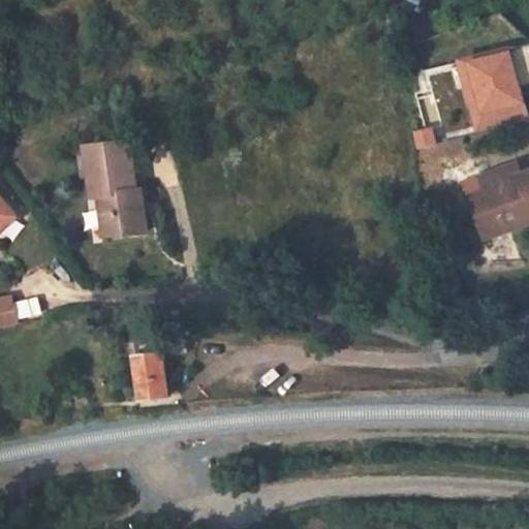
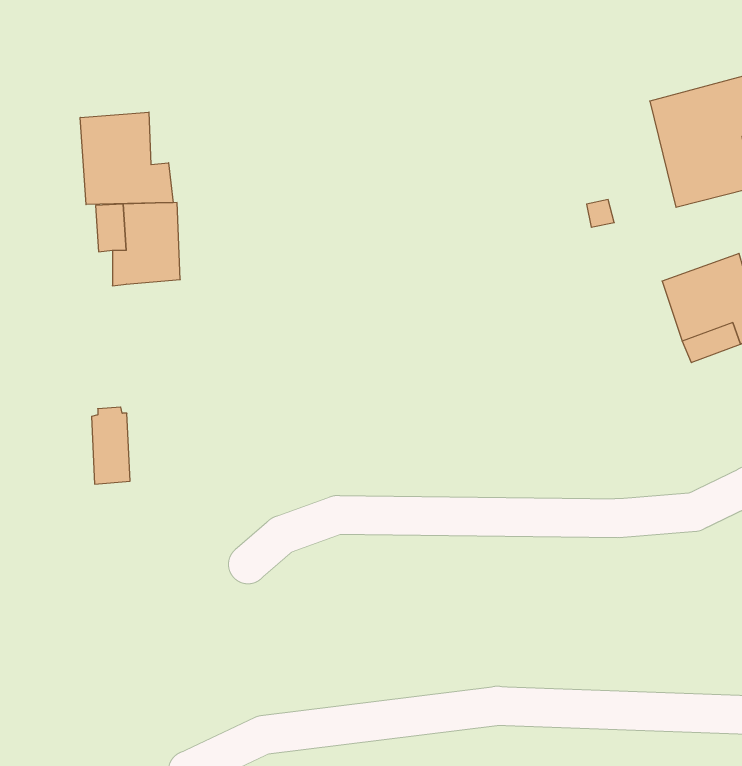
building: none -> [80,112,173,205]
building: [102,188,146,234] -> none
building: [129,346,155,398] -> [92,407,130,484]

